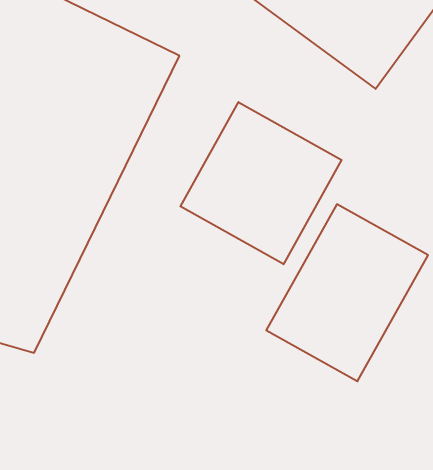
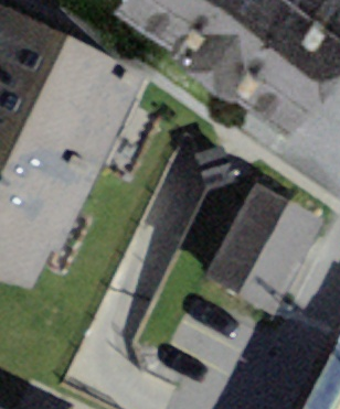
building: [180,102,342,264] -> none

